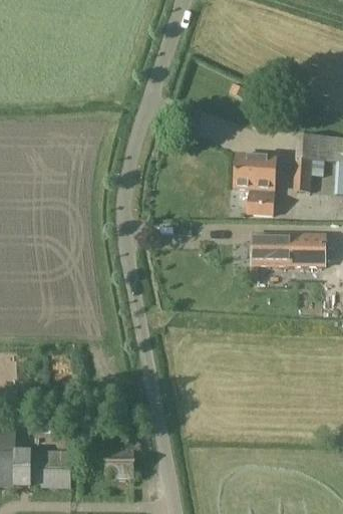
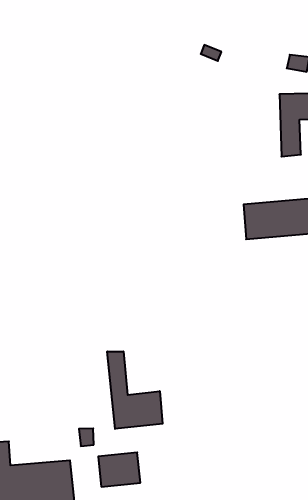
building: [234,156,275,214] -> none
building: none -> [107,351,163,429]

